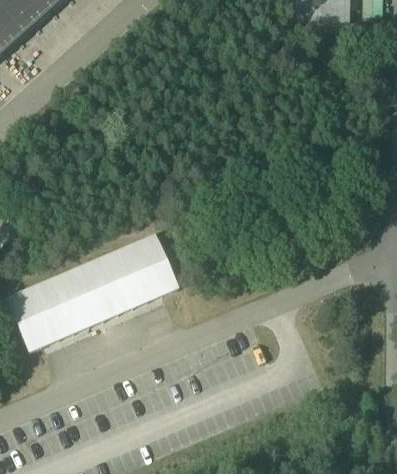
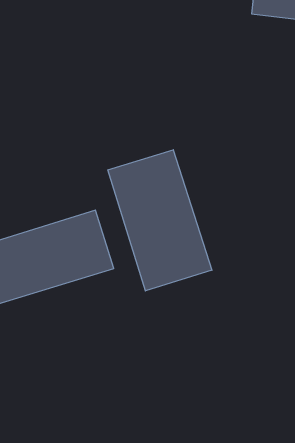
building: none -> [108,150,212,291]

